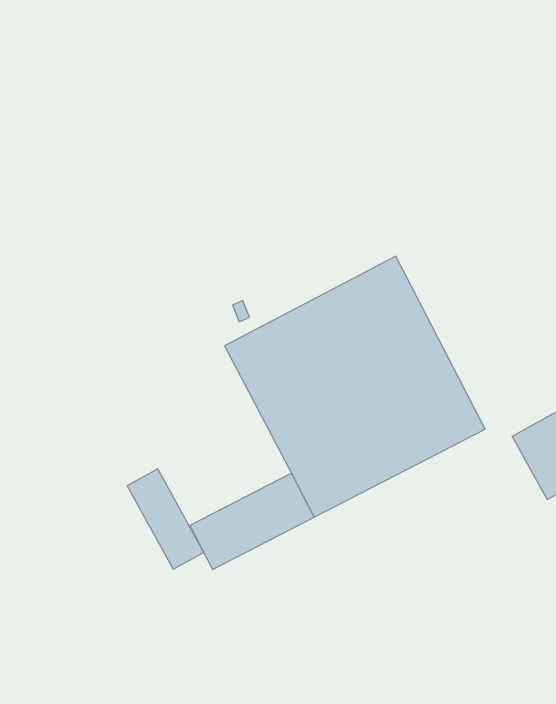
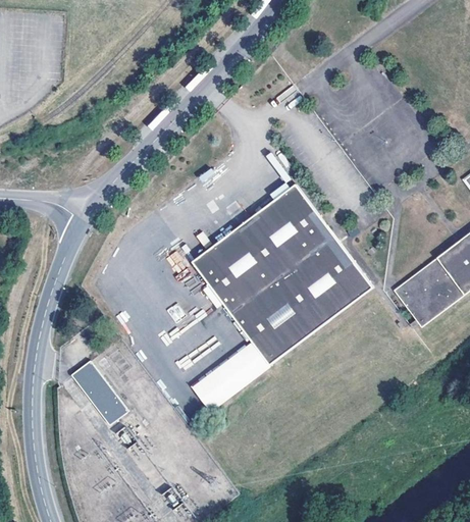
building: [127,469,204,569] -> [71,360,128,424]

